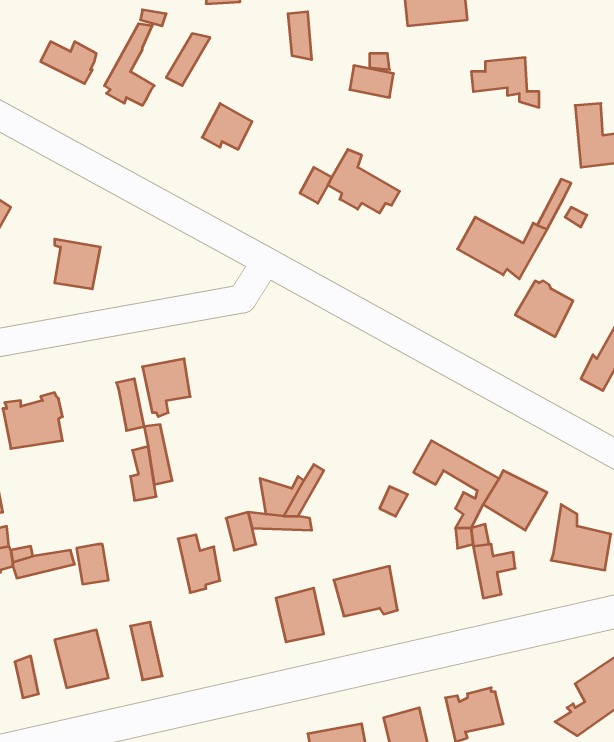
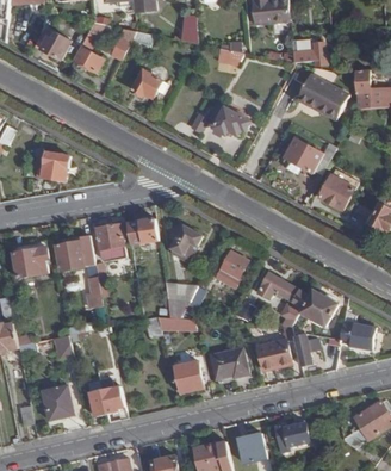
building: none -> [299,73,352,119]
building: none -> [126,217,159,242]
building: none -> [169,224,201,258]
building: none -> [56,241,86,271]
building: none -> [216,252,247,289]
building: [178,535,220,593] -> [100,378,125,413]
building: none -> [257,339,292,371]

